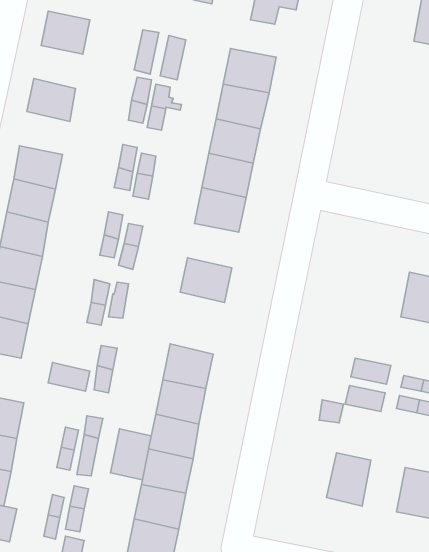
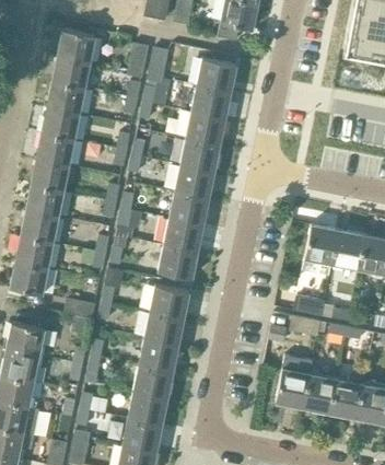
building: none -> [51,57,89,90]
building: none -> [40,107,79,140]
building: none -> [168,193,208,226]
building: none -> [301,224,338,277]
building: none -> [158,245,197,280]
building: [111,429,151,480] -> none
building: none -> [302,373,335,412]

